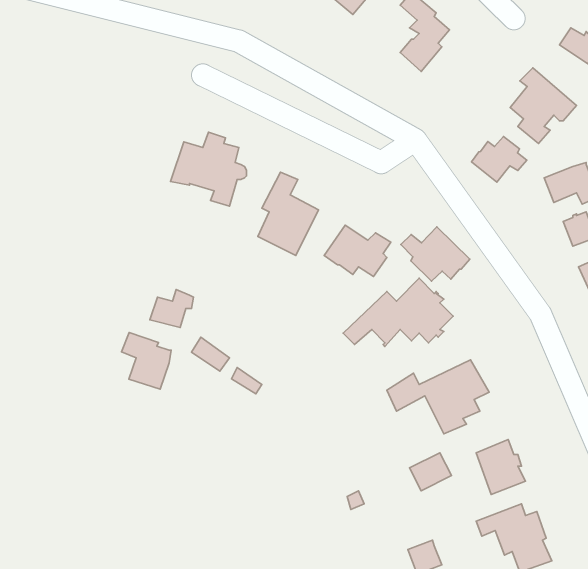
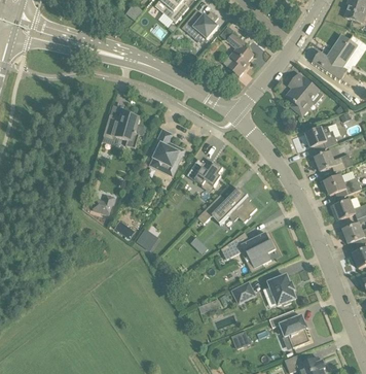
building: [471,136,527,182] -> none
building: [401,227,470,281] -> none
building: [121,332,171,389] -> none

